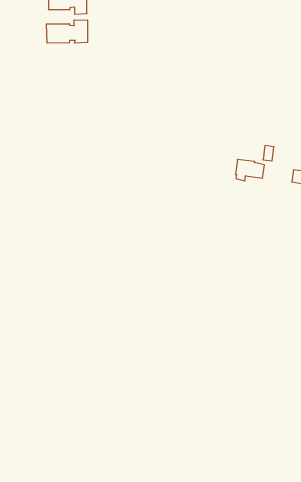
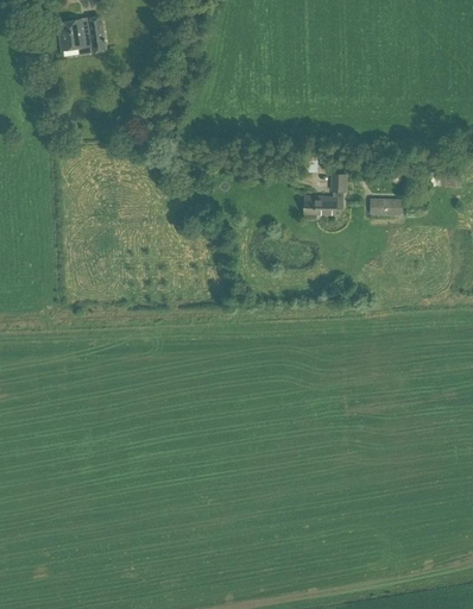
building: [46,20,88,43] -> none

